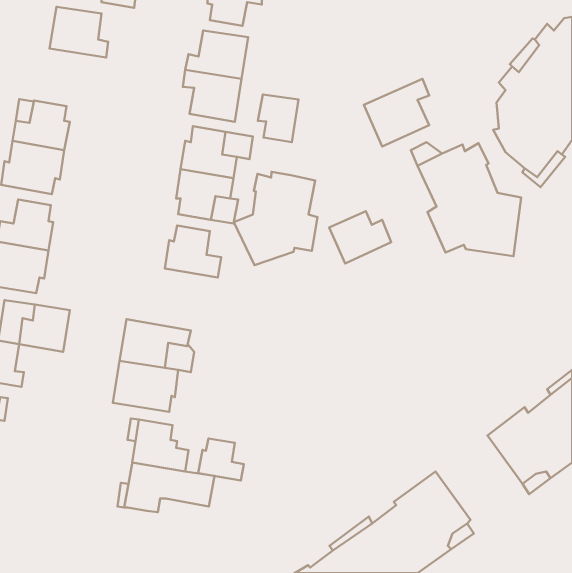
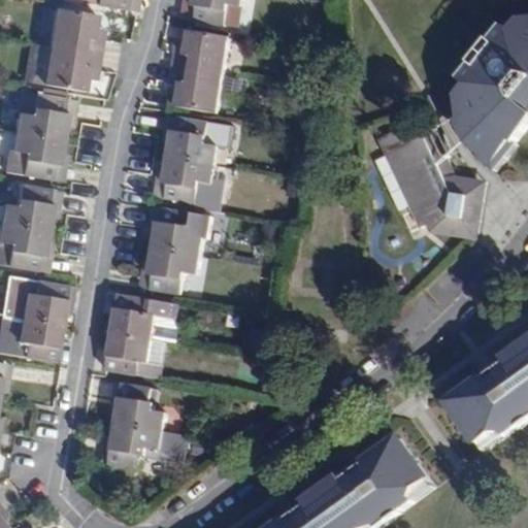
building: none -> [39,44,97,90]
building: [364,79,429,147] -> none
building: [258,95,299,142] -> none
building: [234,172,317,265] -> none
building: [329,211,391,264] -> none
building: none -> [146,245,199,292]
building: none -> [13,315,58,359]
building: [198,438,244,480] -> none

